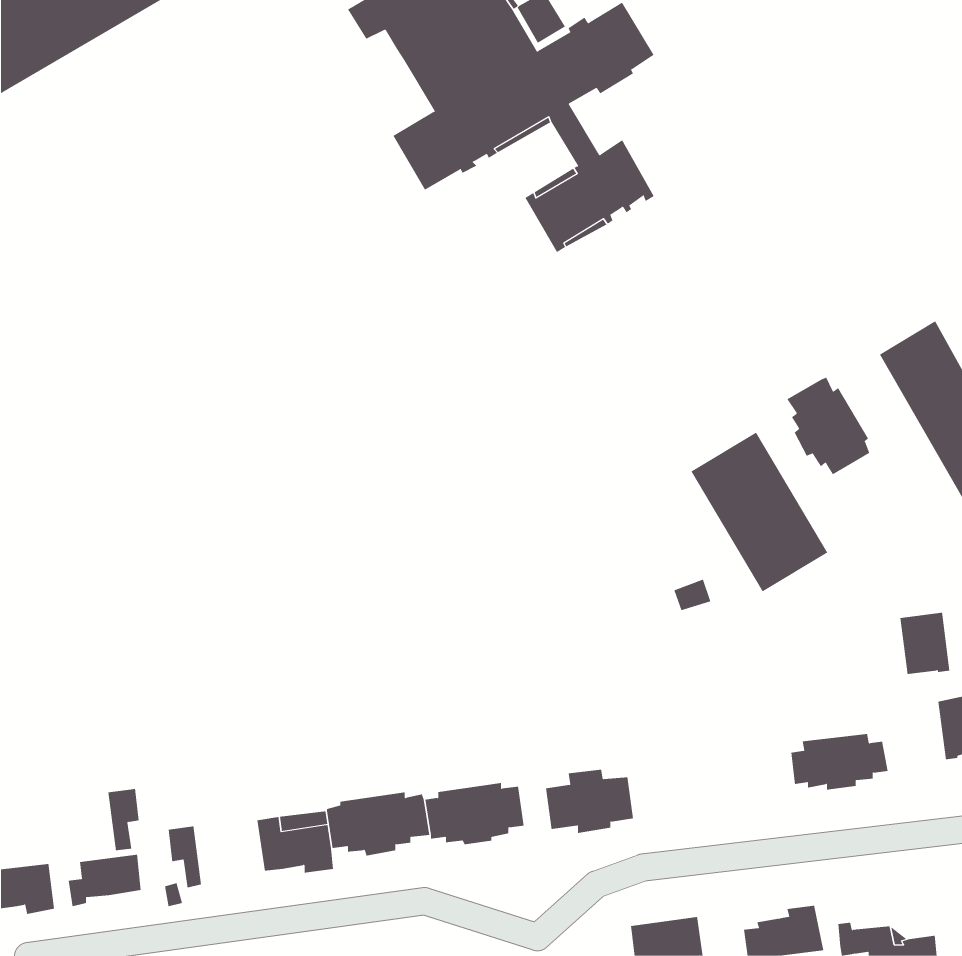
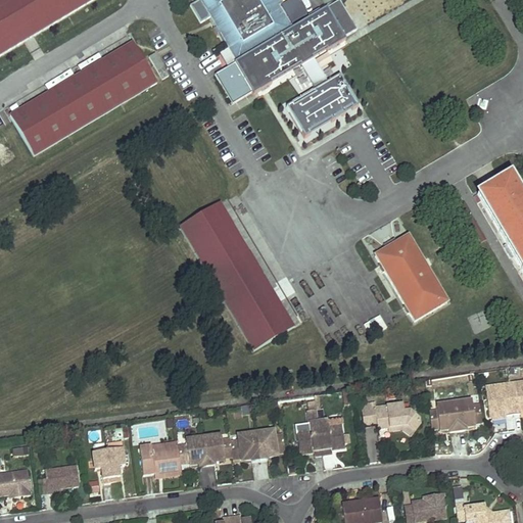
building: none -> [13,42,157,153]
building: none -> [180,201,296,350]
building: [787,377,870,475] -> none
building: [899,612,950,674] -> [485,380,513,414]
building: none -> [363,397,425,432]
building: [108,788,140,851] -> [106,445,124,479]

